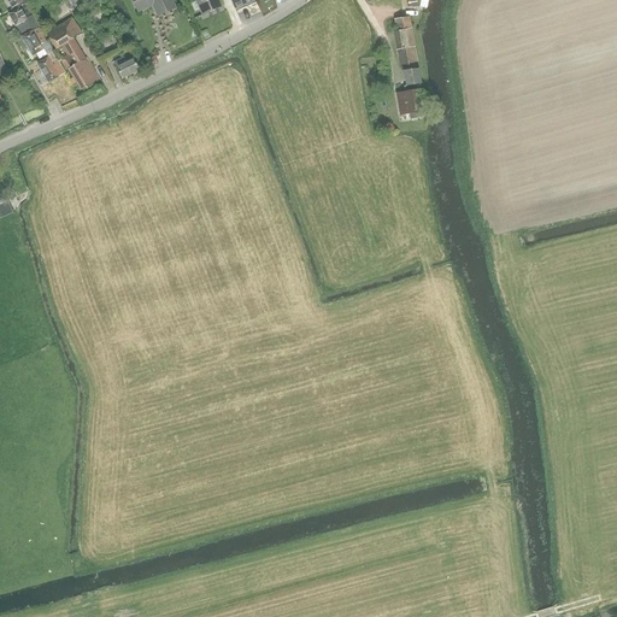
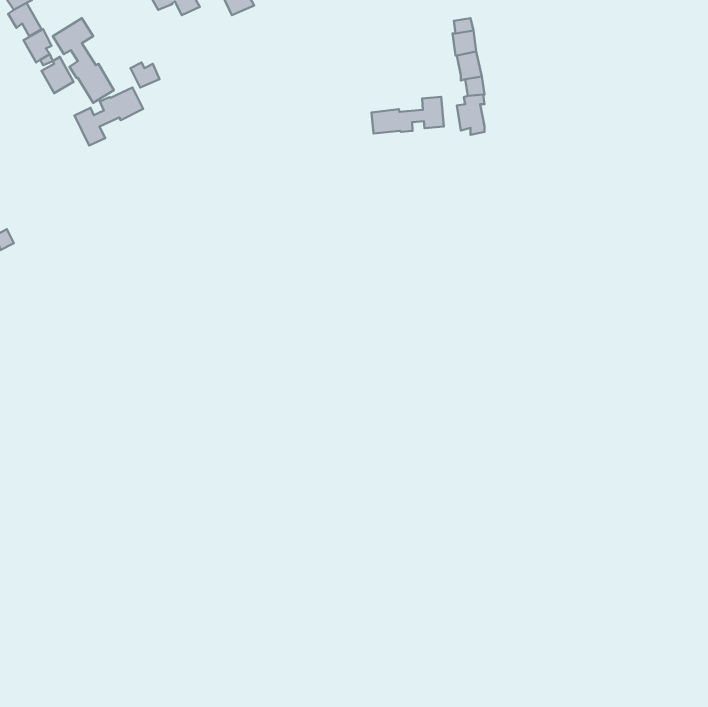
building: none -> [74,88,143,146]
building: none -> [371,97,444,133]

